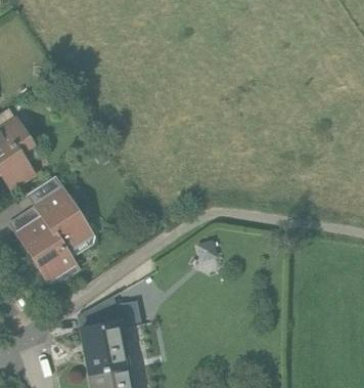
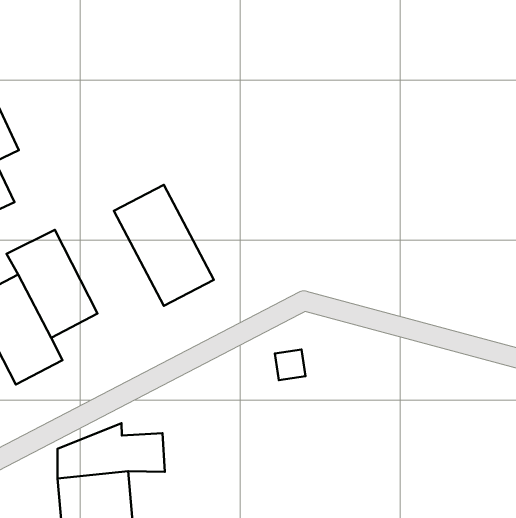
building: none -> [114,185,214,306]

